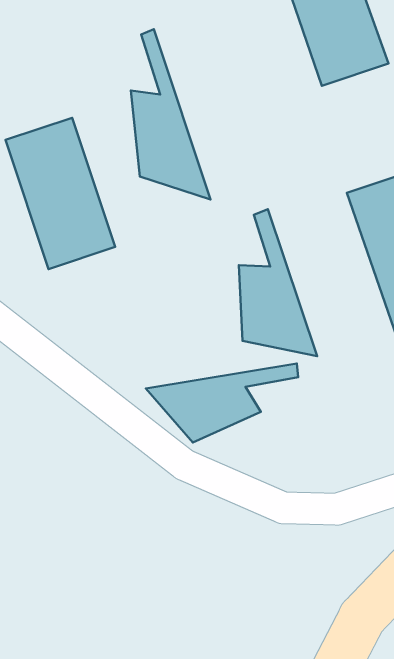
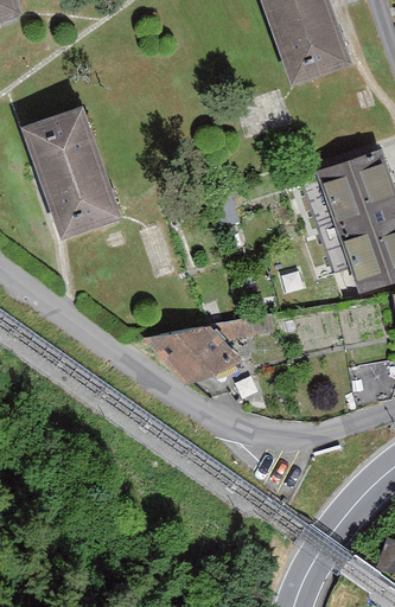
building: [131,29,211,199] -> none
building: [239,209,317,356] -> none

